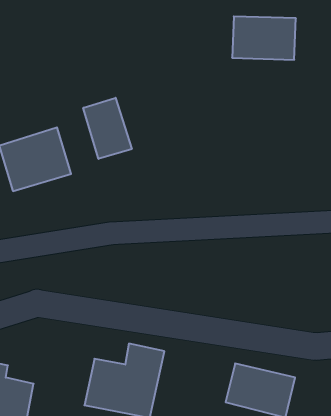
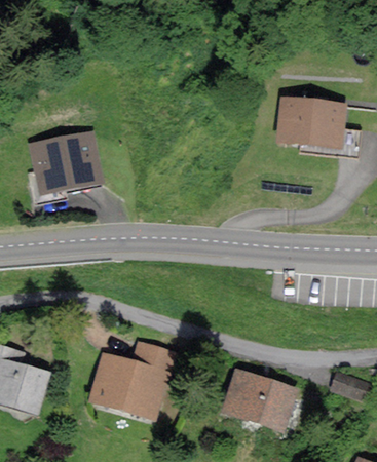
building: [232,16,296,60] -> [278,98,342,144]
building: [83,98,132,159] -> none

